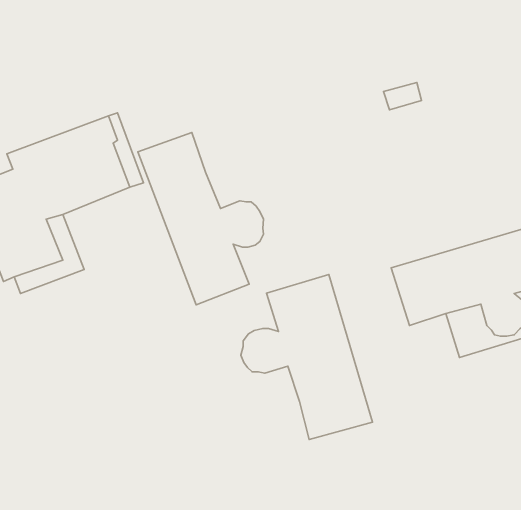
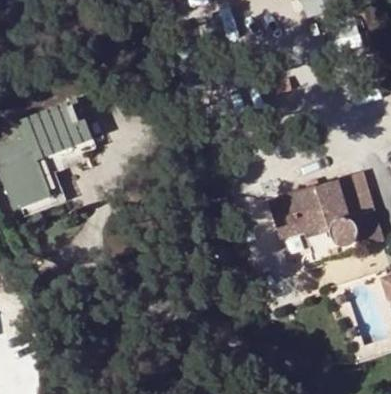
building: [138,133,264,305] -> none
building: [241,274,372,440] -> none

